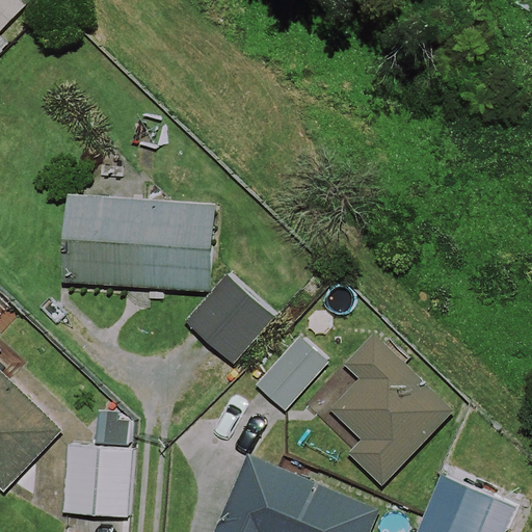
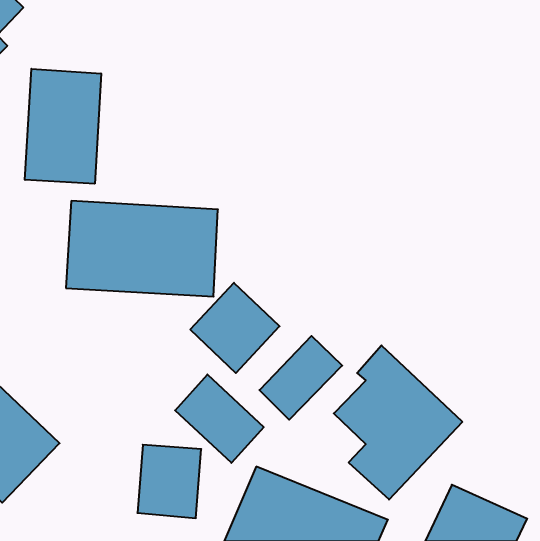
building: none -> [25,69,101,184]
building: none -> [175,374,264,463]
building: [65,446,128,517] -> [137,445,201,518]

